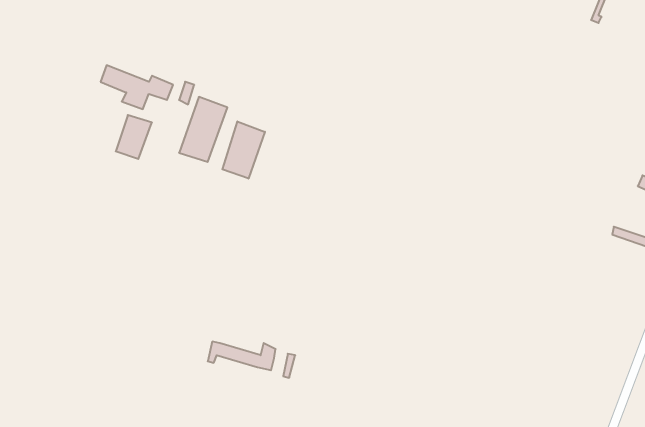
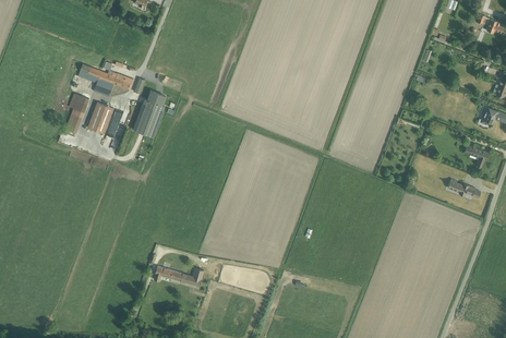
building: none -> [67,93,89,132]
building: [222,121,265,179] -> none

